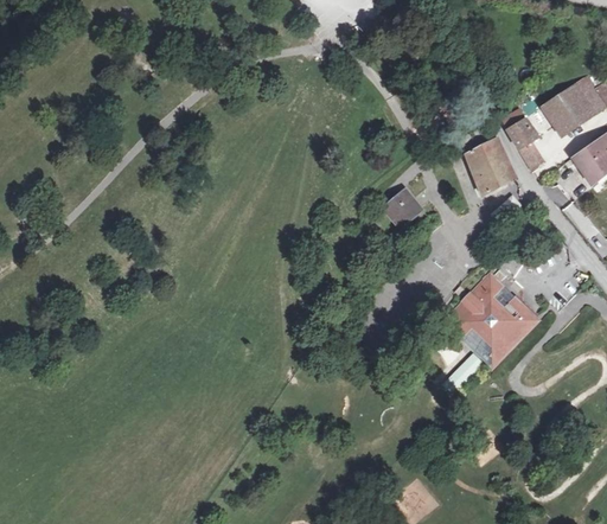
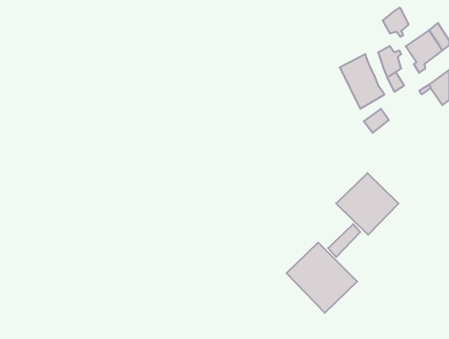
building: none -> [383,8,409,37]
building: [385,191,422,224] -> none
building: none -> [287,243,357,313]

